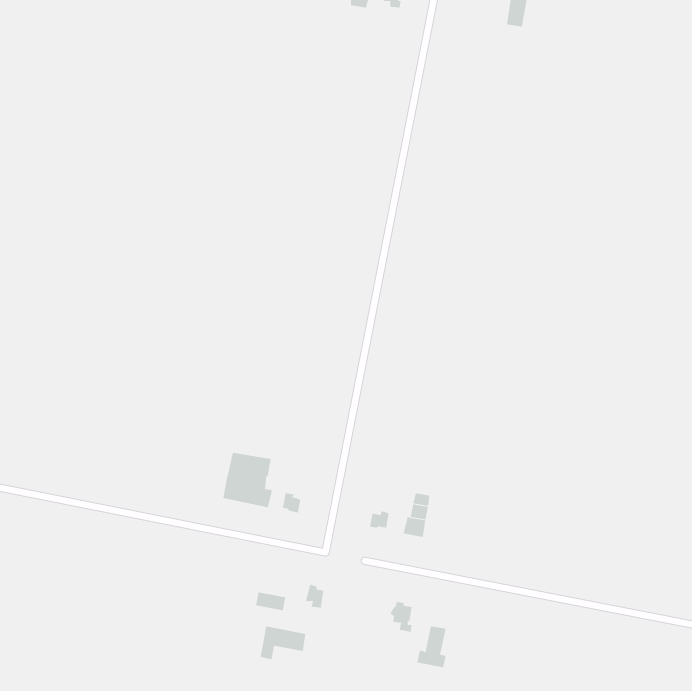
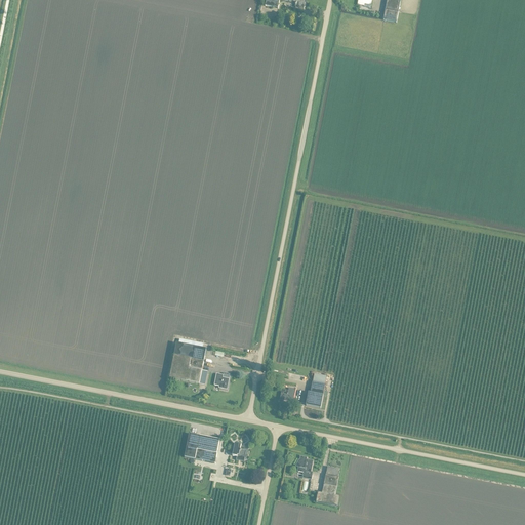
building: [260,626,306,660] -> [184,432,218,457]

